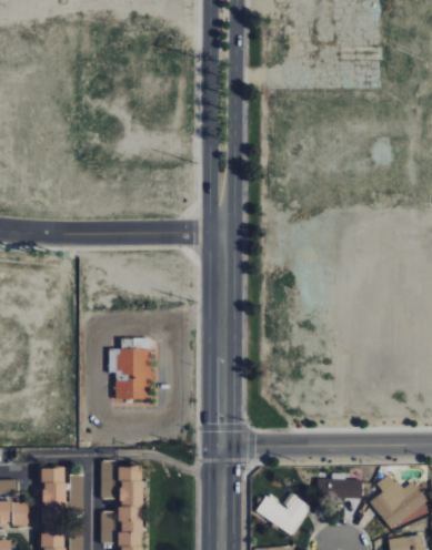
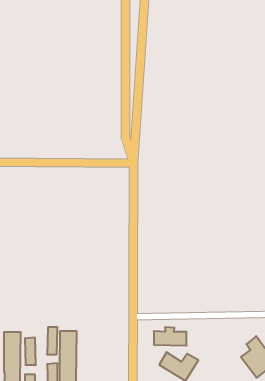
building: [110,339,151,399] -> none
building: [319,473,364,499] -> [154,327,187,346]

